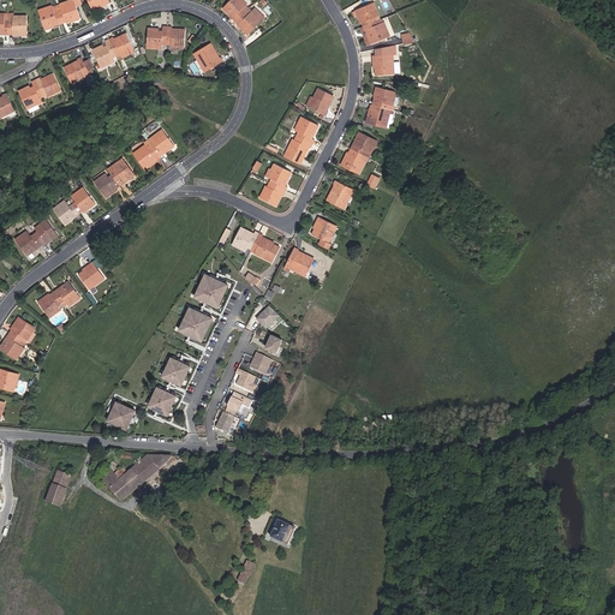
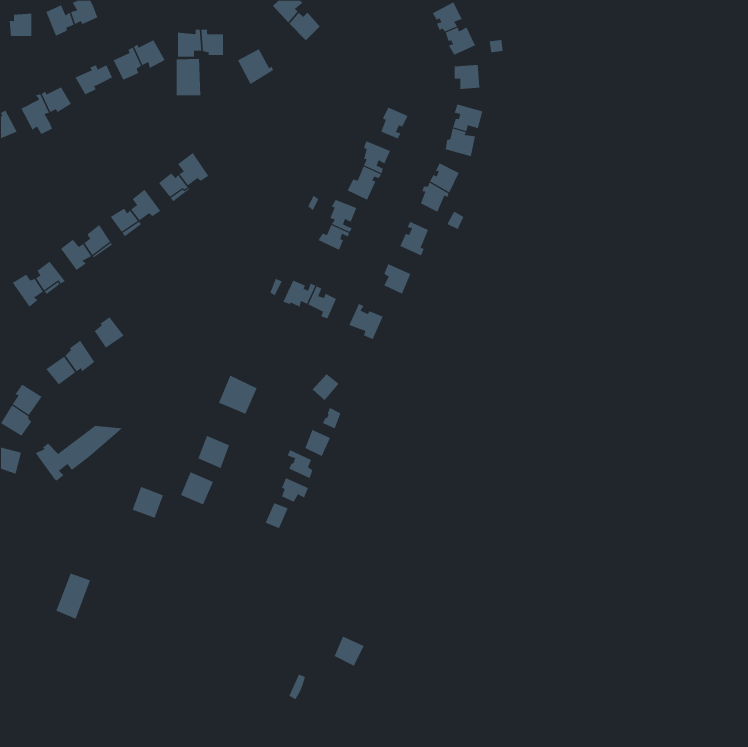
building: none -> [176,58,201,96]
building: [195,275,228,308] -> none
building: [101,456,173,502] -> [35,425,123,481]

